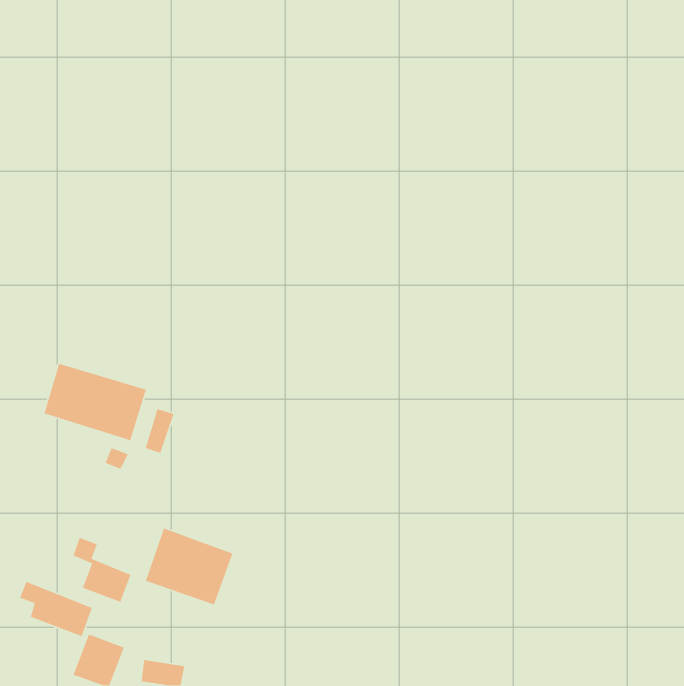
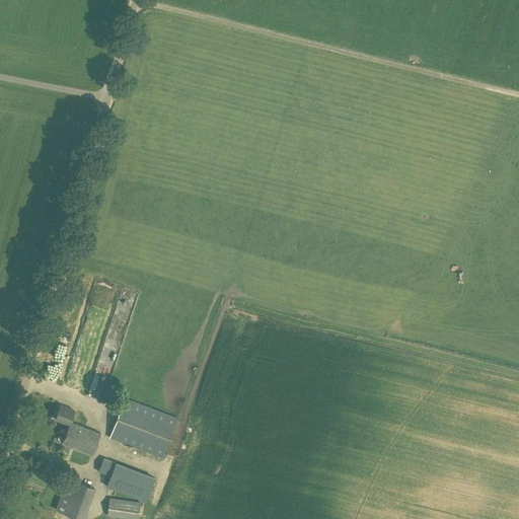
building: [43,363,147,441] -> none
building: [19,581,93,637] -> [98,459,154,502]

